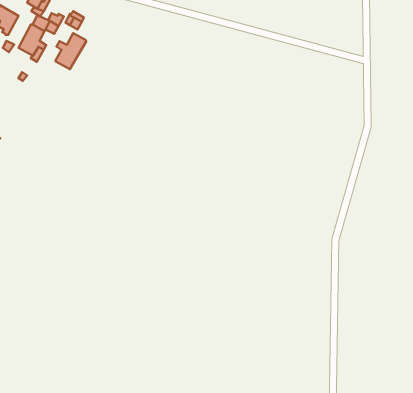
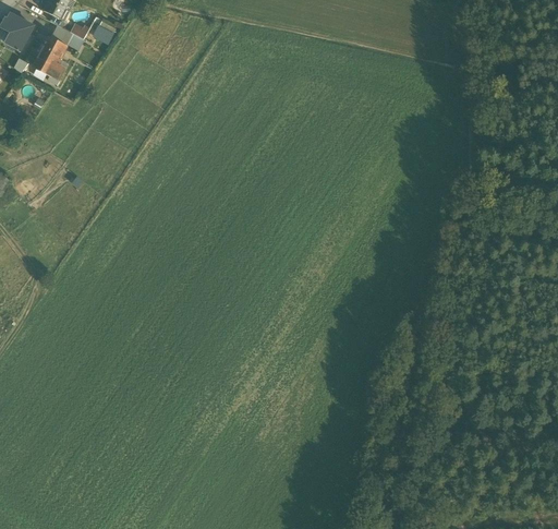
building: [56,33,86,69] -> none

